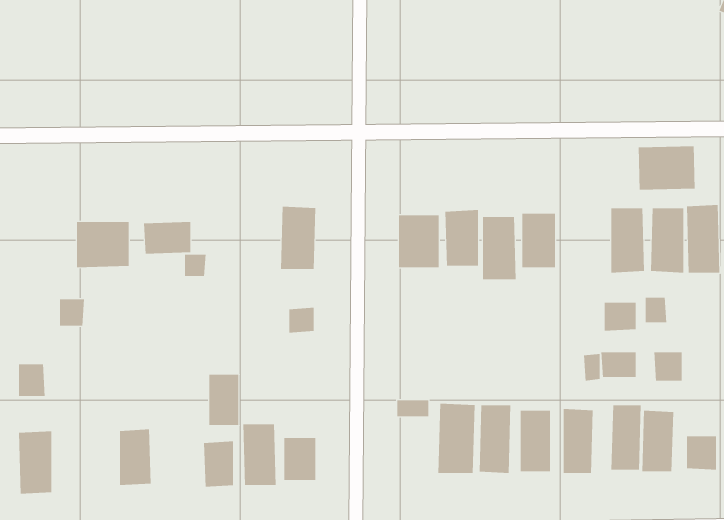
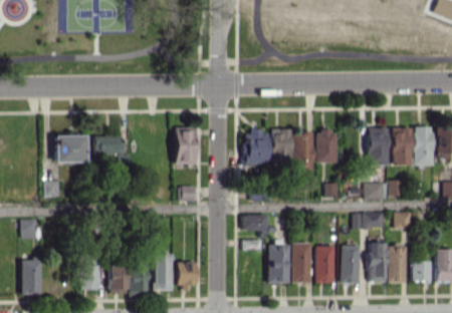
building: [638,145,695,191] -> none
building: none -> [243,214,267,230]
building: [208,374,239,426] -> [109,263,128,293]

